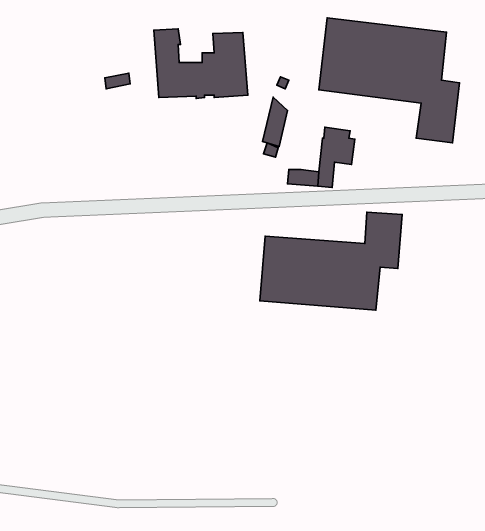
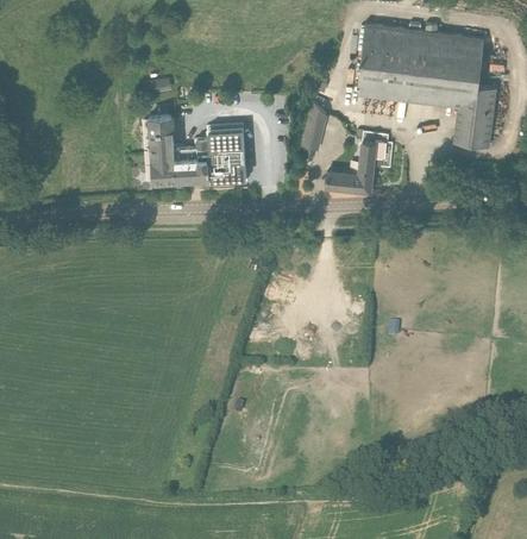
building: [154,29,248,99] -> [149,115,241,184]
building: [260,212,402,310] -> none

